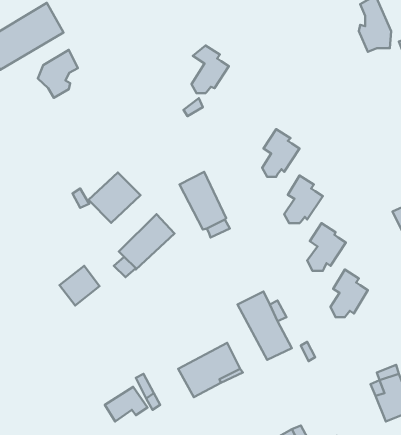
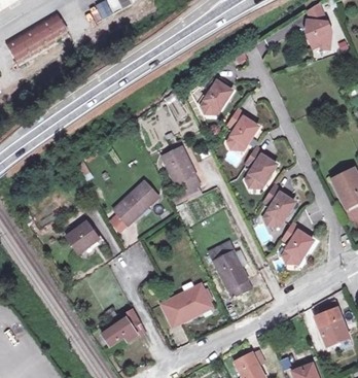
building: [191,46,229,93] -> [201,76,230,114]
building: [38,50,78,98] -> none
building: [89,172,140,223] -> none

